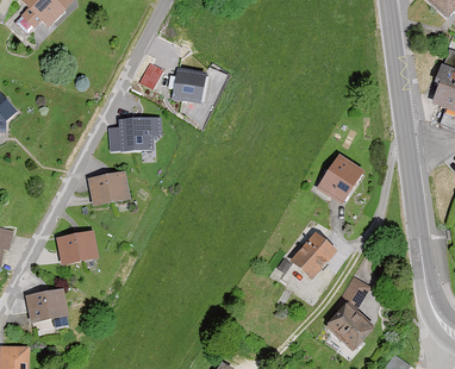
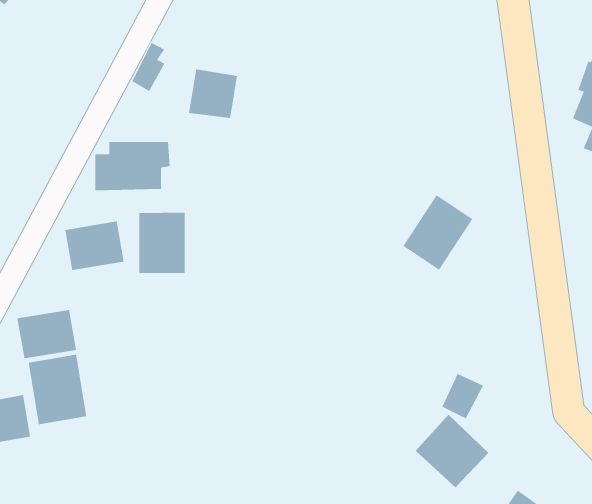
building: none -> [139,212,185,274]
building: [289,232,337,280] -> none
building: none -> [28,354,87,425]

